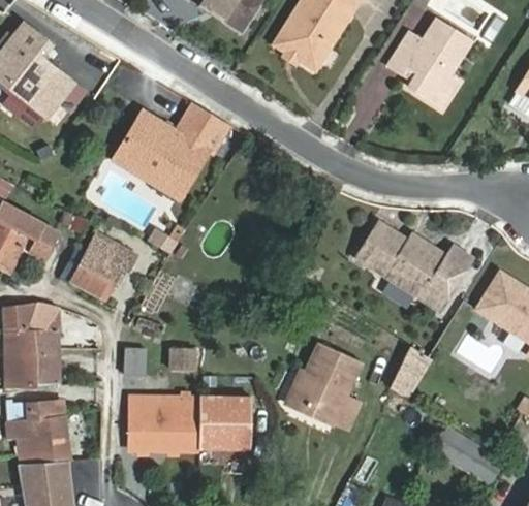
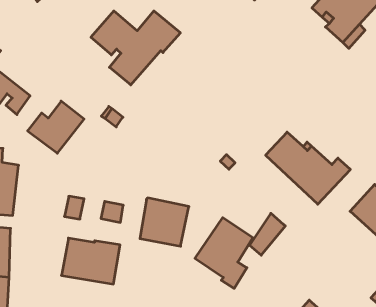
building: [388,346,429,400] -> [250,213,285,255]
building: [198,397,252,449] -> [140,198,189,246]

